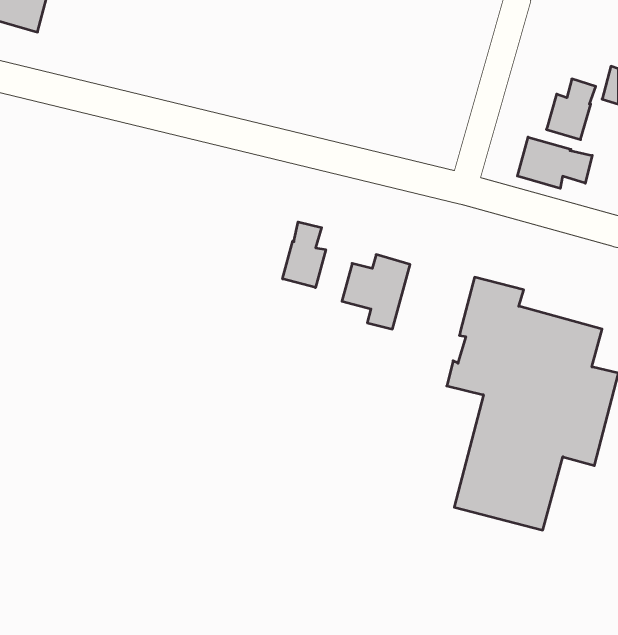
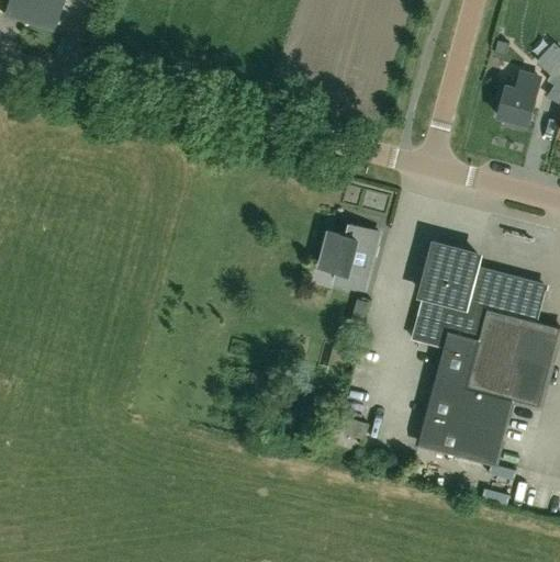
building: [517,137,592,188] -> none
building: [283,222,326,288] -> none

